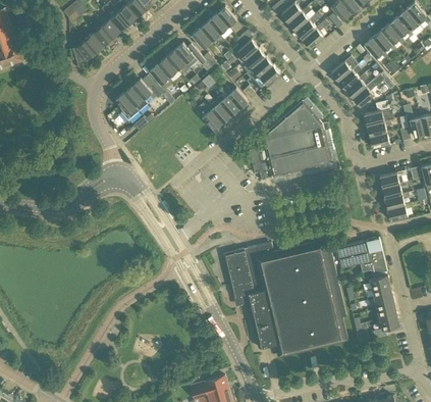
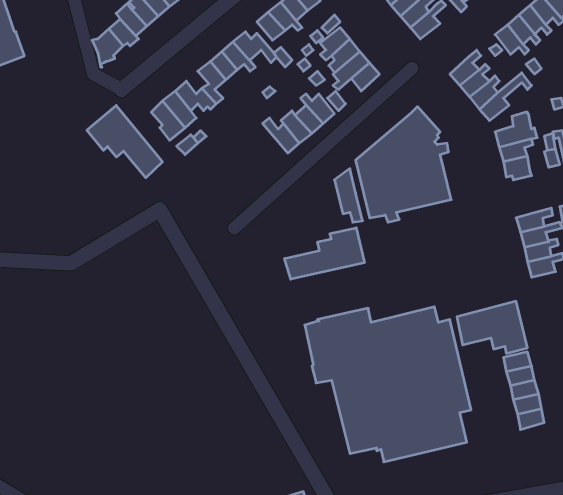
building: none -> [87,105,162,178]
building: none -> [285,228,364,279]

